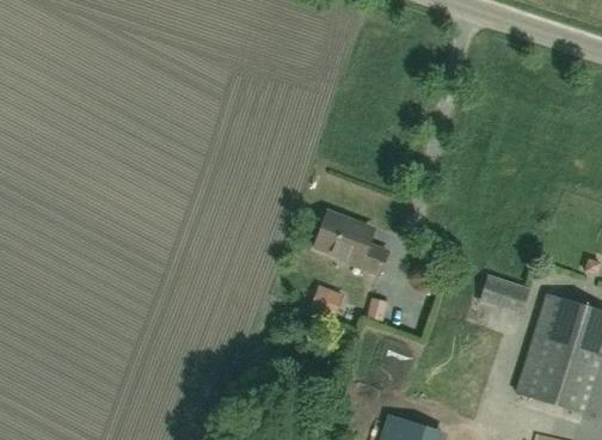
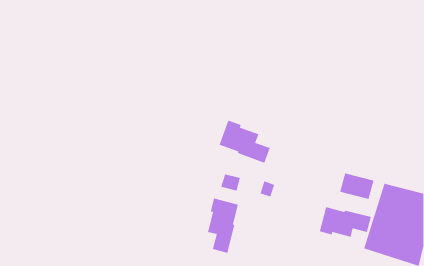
building: none -> [207,197,239,254]
building: none -> [319,206,372,238]

